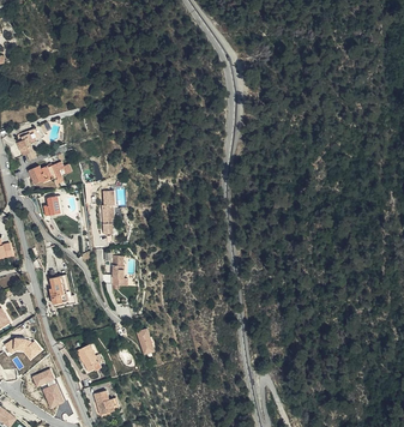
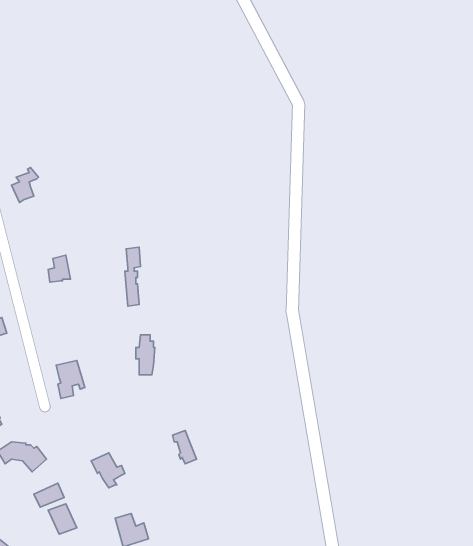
building: [29,161,73,184] -> none

